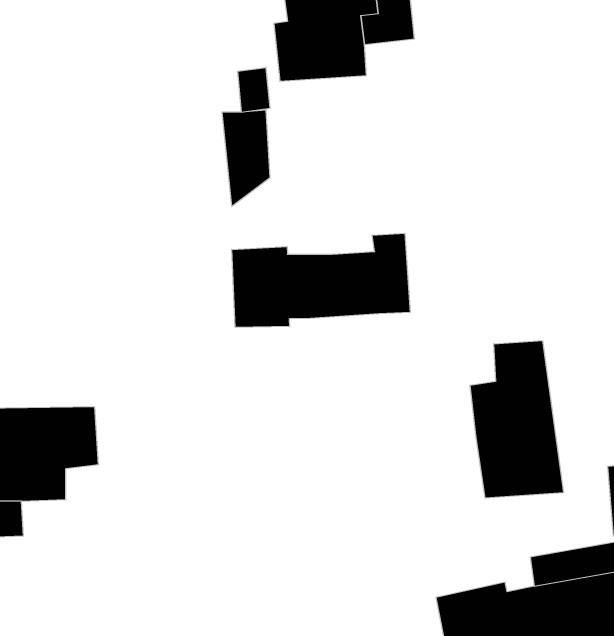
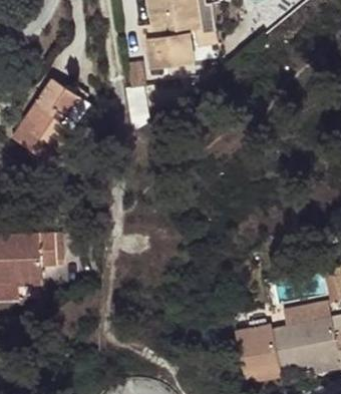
building: none -> [14,74,90,156]
building: [232,233,410,327] -> none
building: [470,341,563,498] -> none

